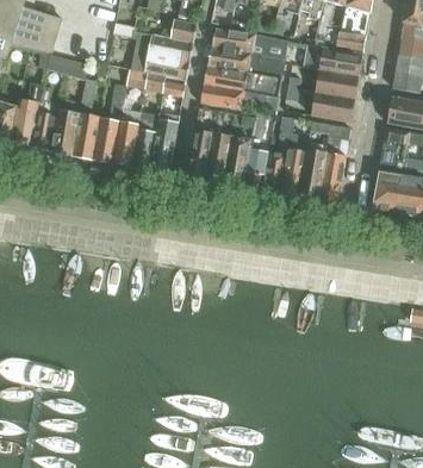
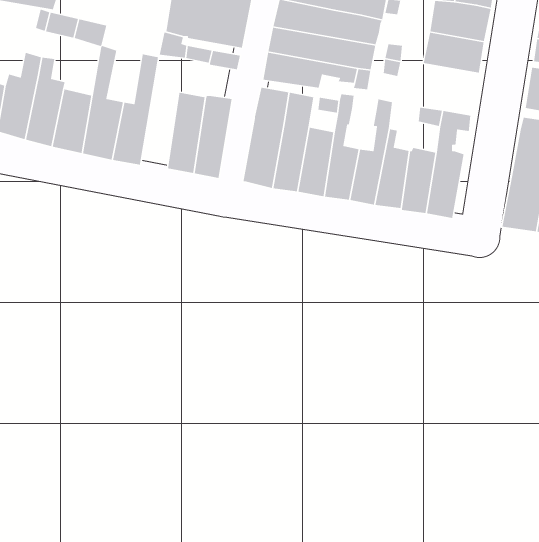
building: [311,91,355,121] -> none
building: [113,107,141,166] -> none

